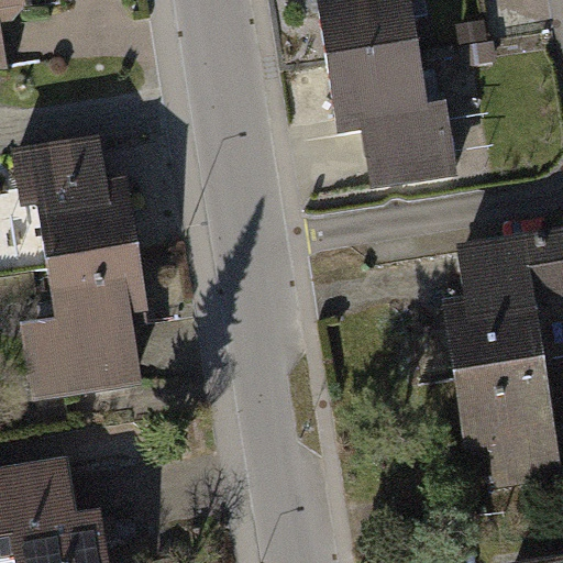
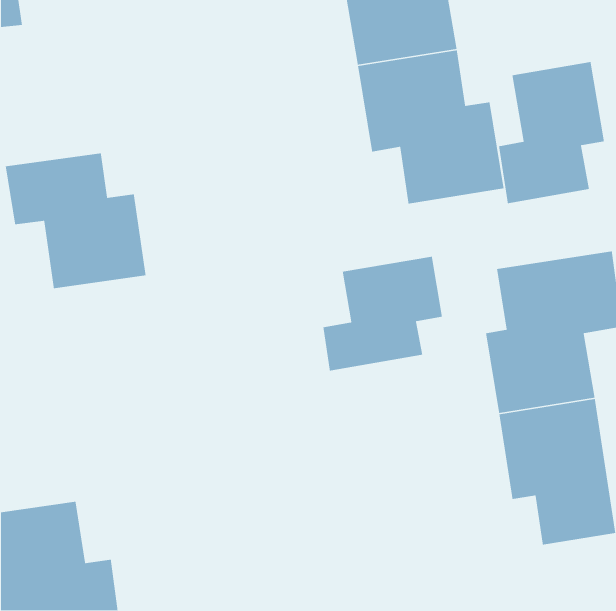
building: none -> [498,61,605,204]
building: none -> [323,256,443,371]
building: [24,251,145,402] -> none

